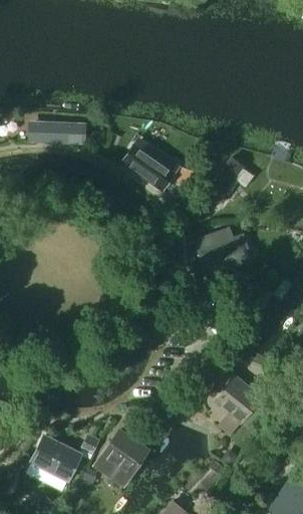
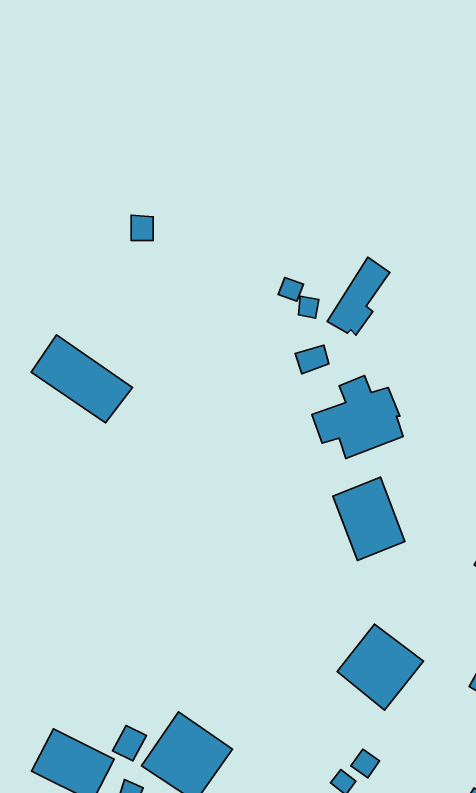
building: [35,123,82,144] -> none
building: [116,137,177,189] -> [31,335,133,423]
building: none -> [333,477,405,560]

